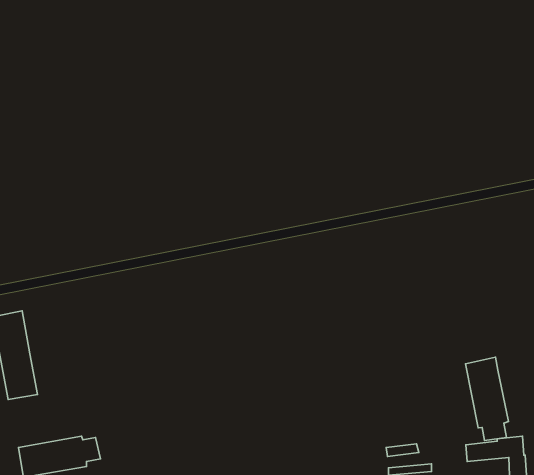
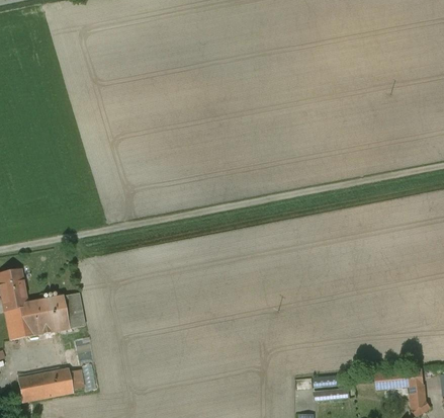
building: none -> [26,292,84,335]
building: [465,357,508,441] -> none

